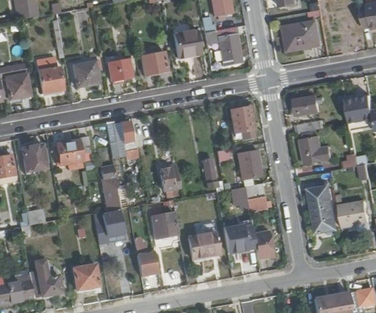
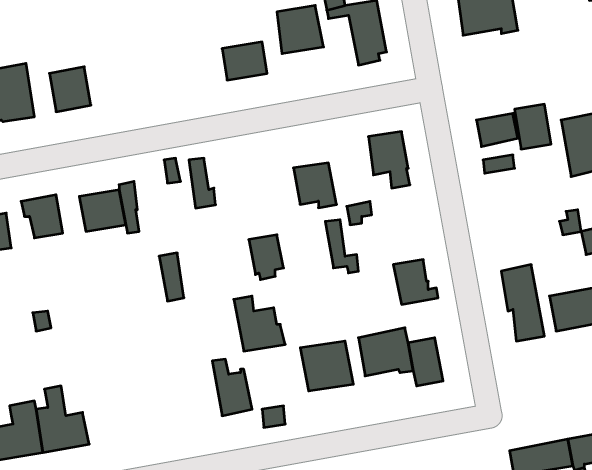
building: [108,60,131,82] -> none
building: [73,62,99,88] -> none
building: [301,134,323,161] -> [515,104,551,149]
building: [237,150,263,177] -> [293,163,337,208]
building: [95,212,124,245] -> none
building: [72,265,100,291] -> none

